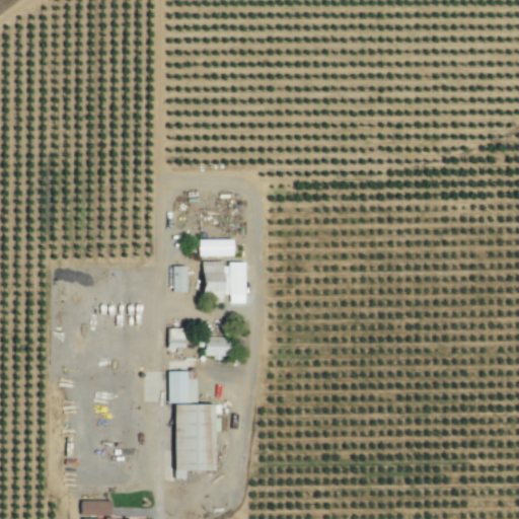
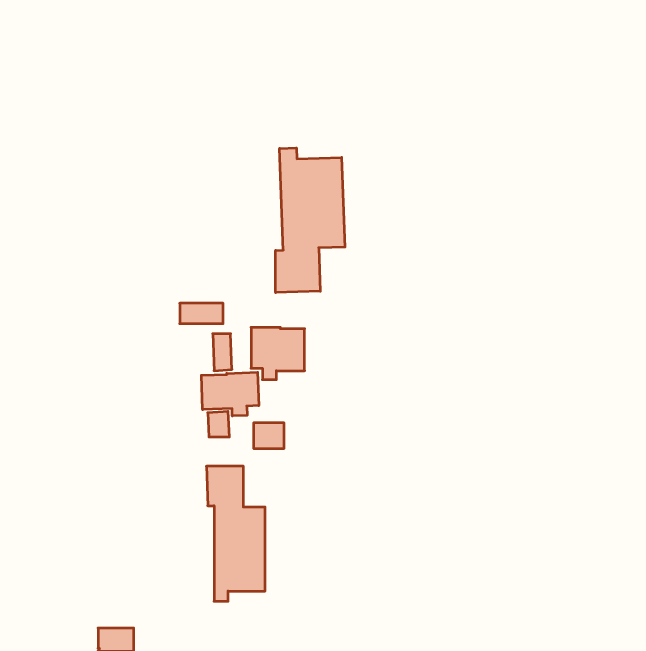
building: none -> [276,148,345,293]
building: [200,239,234,255] -> [180,303,223,324]
building: none -> [201,372,259,416]

